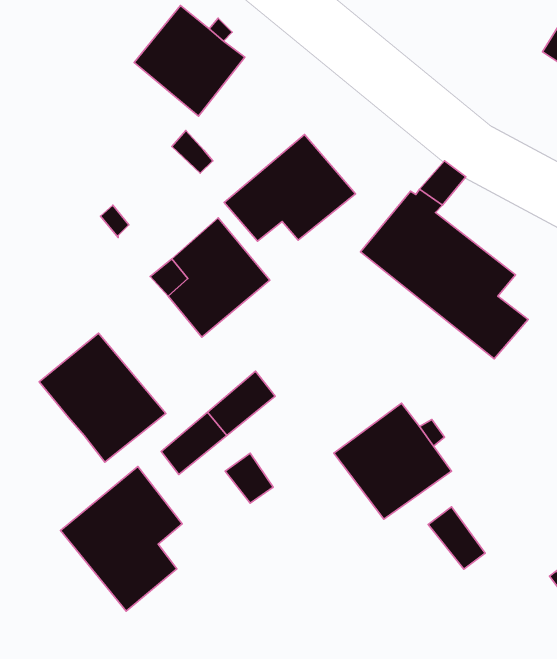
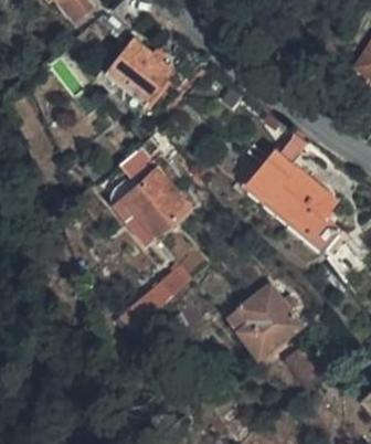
building: [224,134,355,241] -> none
building: [39,333,166,462] -> none
building: [60,466,182,611] -> none

